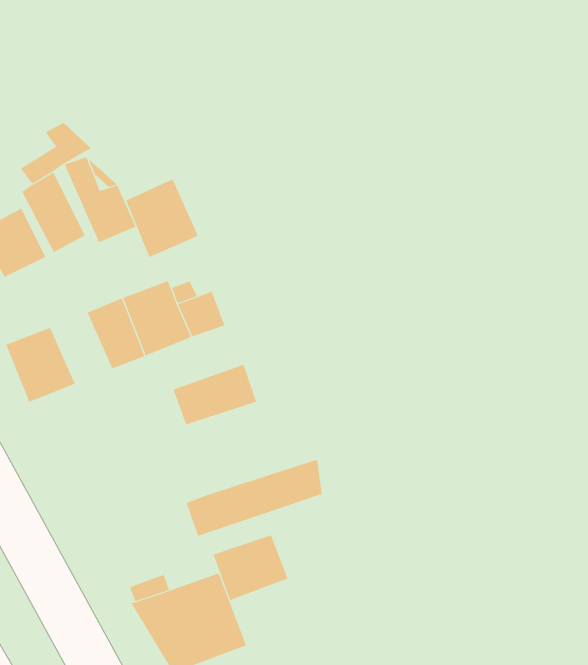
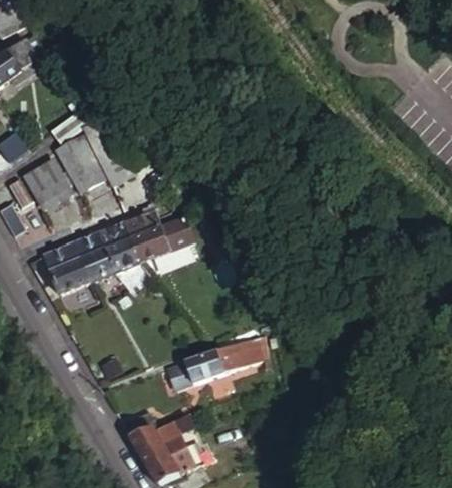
building: [126,178,198,258] -> none
building: none -> [73,233,115,283]
building: [173,364,257,425] -> none
building: [213,535,288,601] -> none

